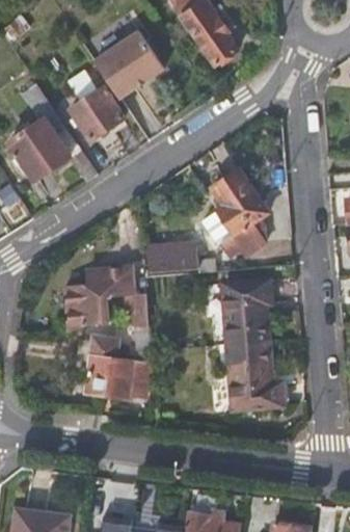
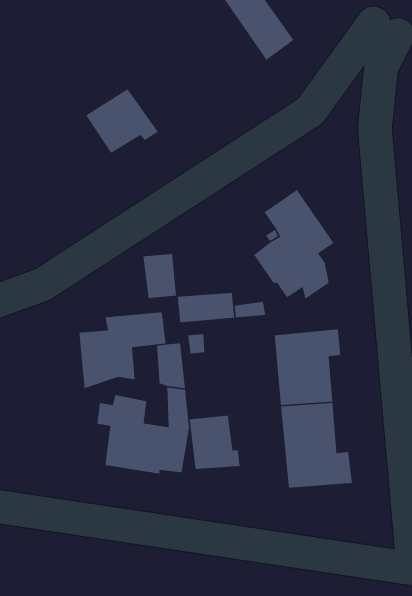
building: [95,31,164,99] -> none
building: [8,83,82,182] -> none
building: none -> [143,253,177,299]
building: none -> [189,415,241,470]

